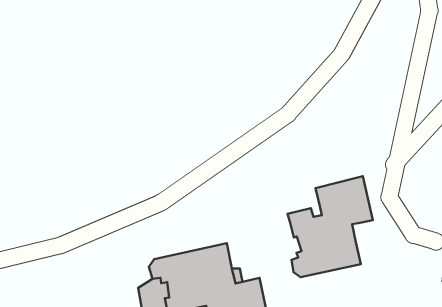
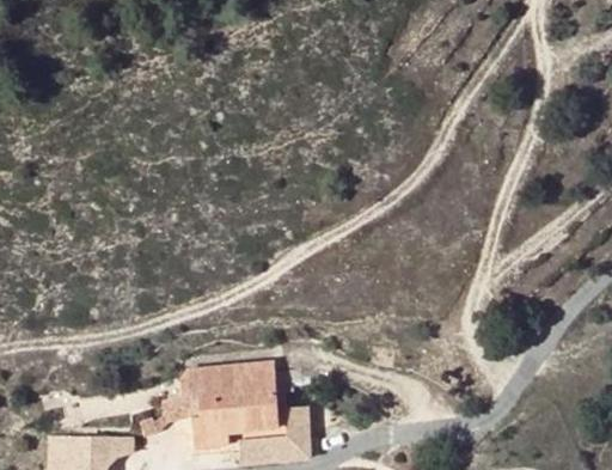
building: [287,176,373,277] -> none

